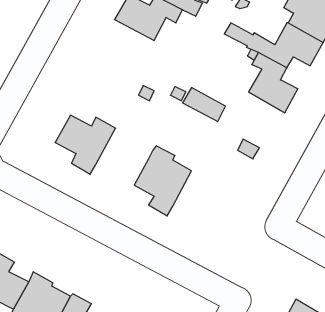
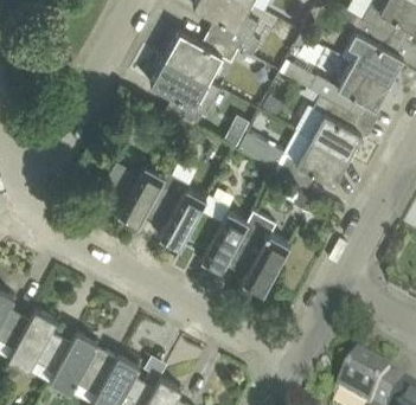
building: none -> [148,56,218,123]
building: none -> [275,134,346,185]
building: none -> [142,168,204,245]
building: none -> [225,208,288,290]

